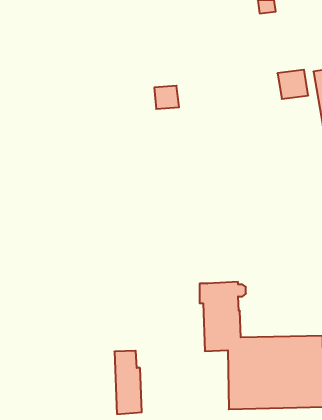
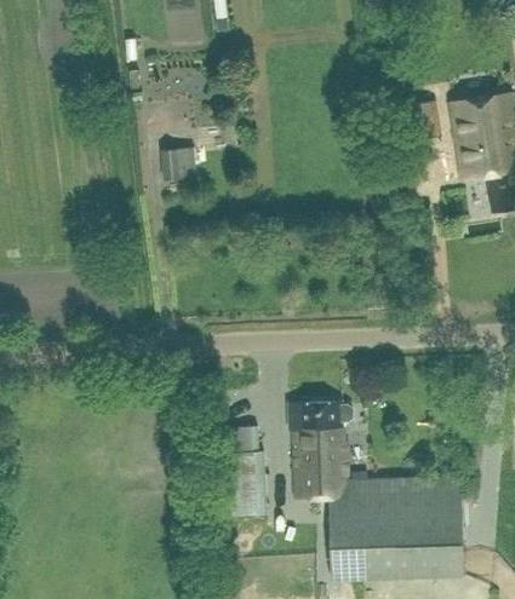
building: [154,86,179,109] -> [162,146,198,179]
building: [114,351,142,414] -> [225,427,264,517]

